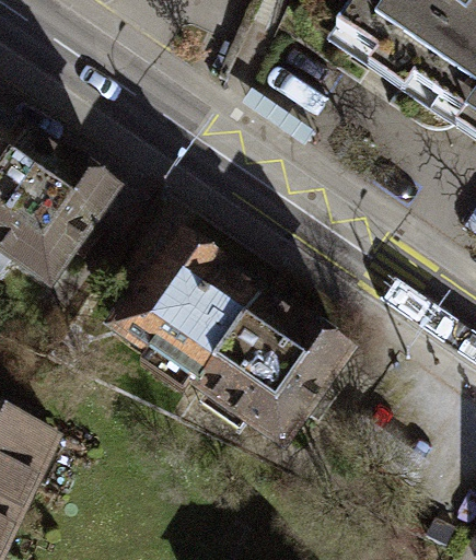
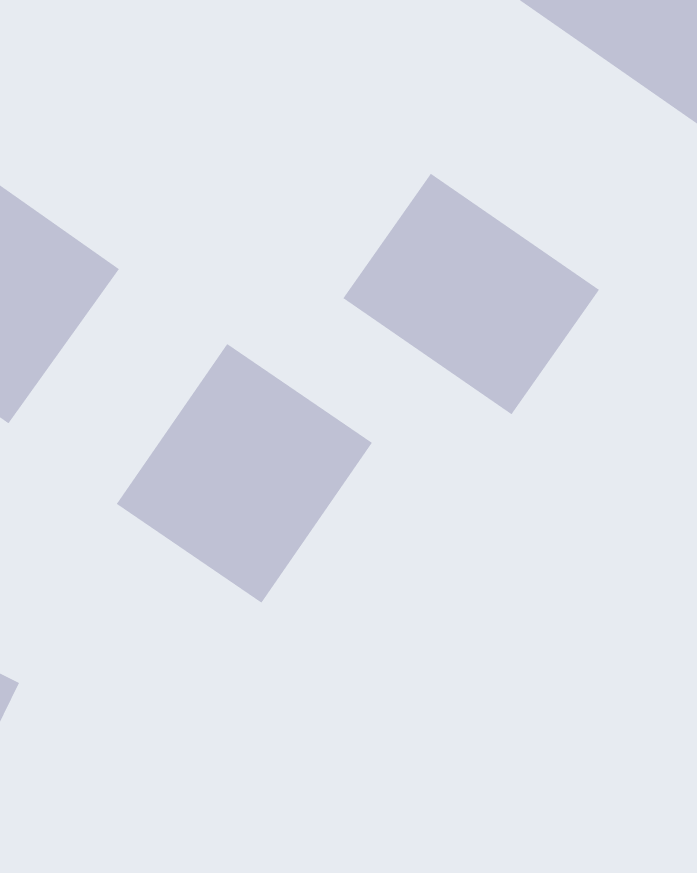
building: none -> [343,173,600,415]
building: [200,295,350,448] -> none

